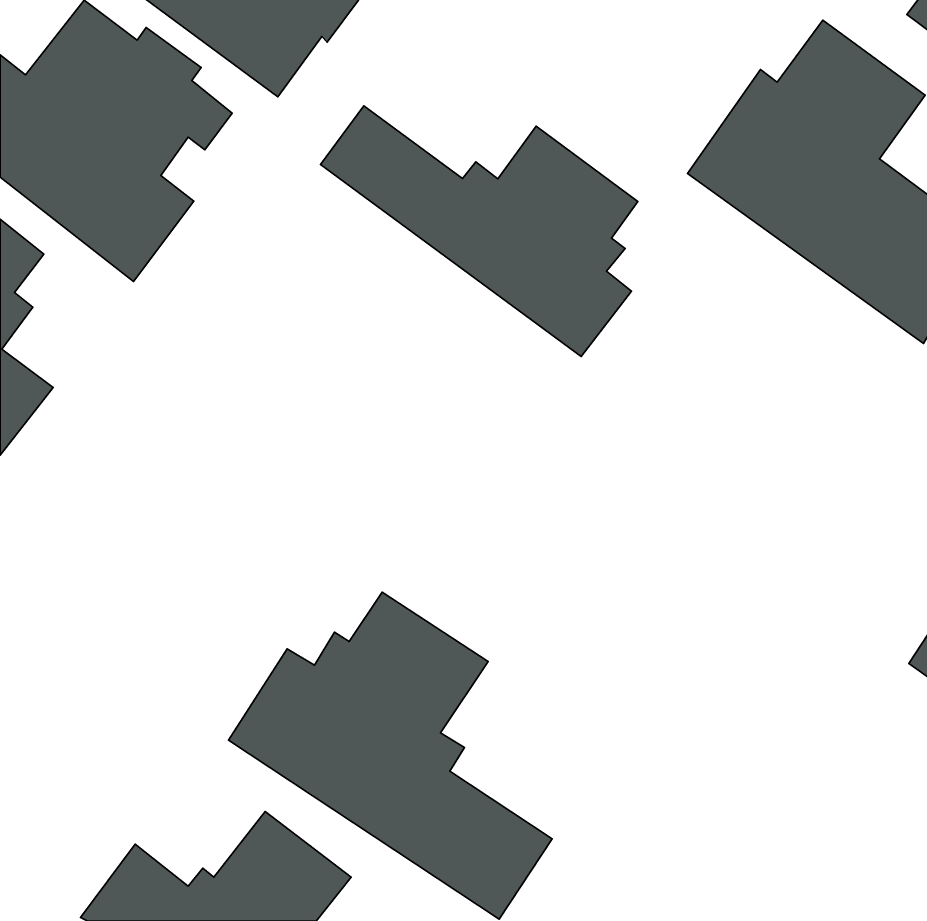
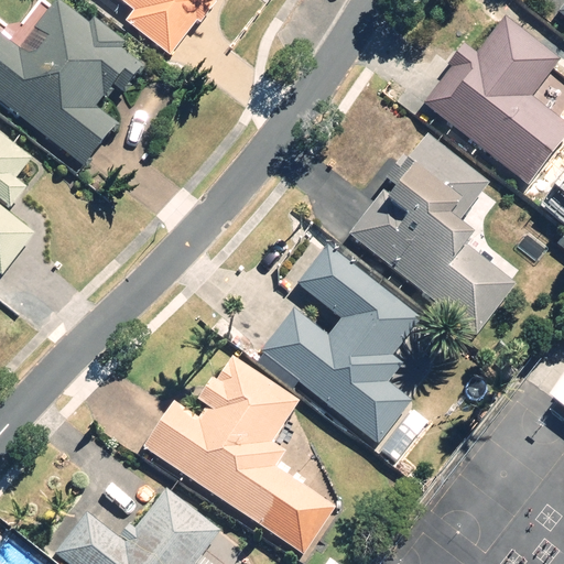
building: [320,106,638,356] -> none
building: none -> [345,134,514,330]
building: none -> [260,235,424,457]

